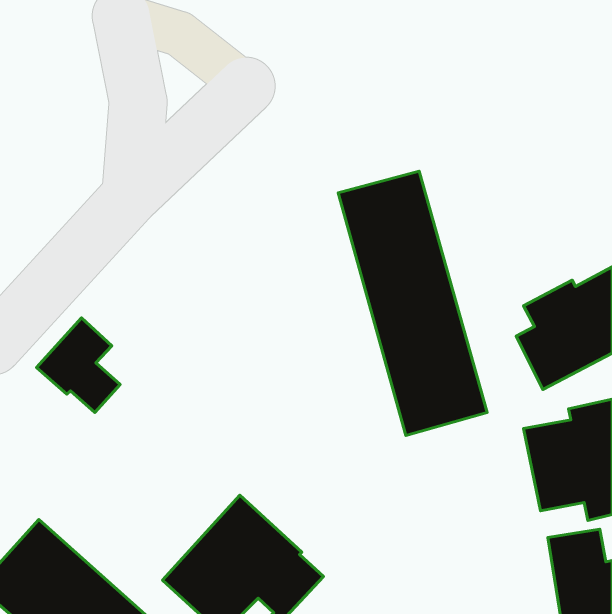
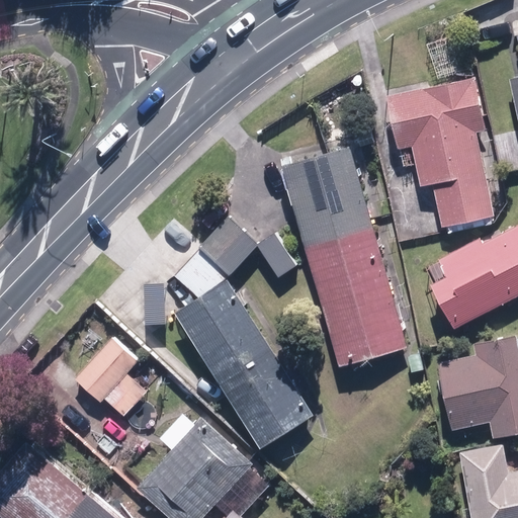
building: none -> [384,80,492,228]
building: none -> [174,220,313,448]
building: [37,318,120,413] -> [74,339,144,418]

